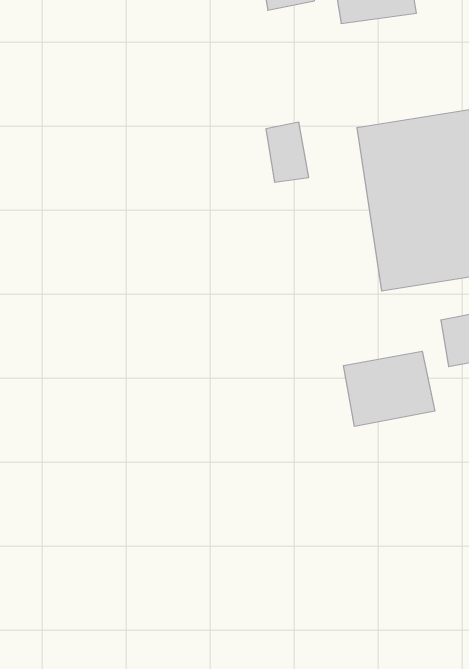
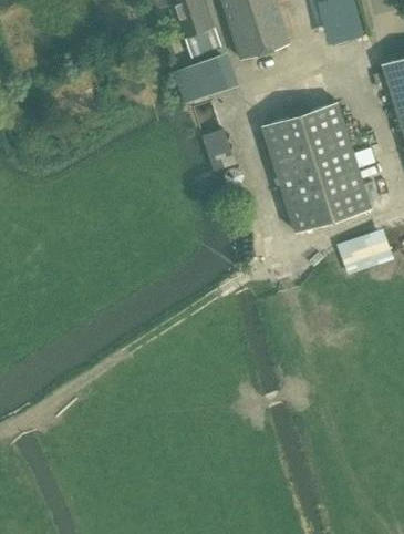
building: none -> [174,55,228,104]
building: [343,351,435,426] -> none

